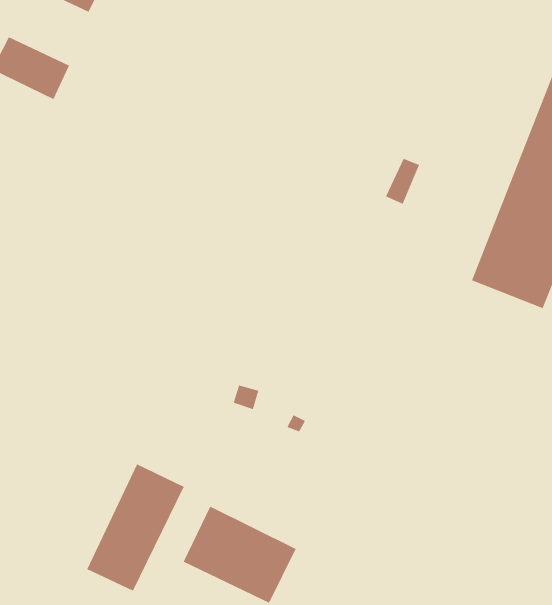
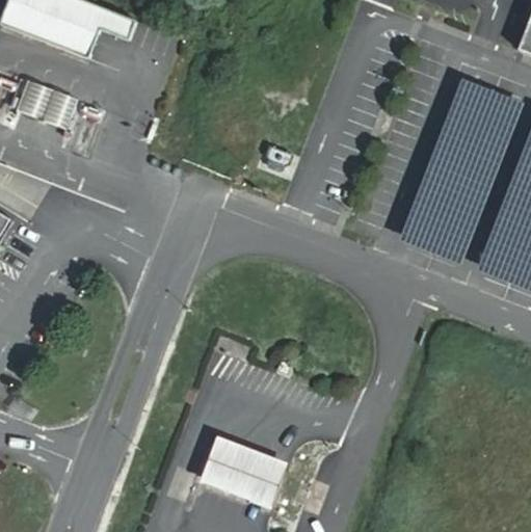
building: [87,464,184,591] -> none

